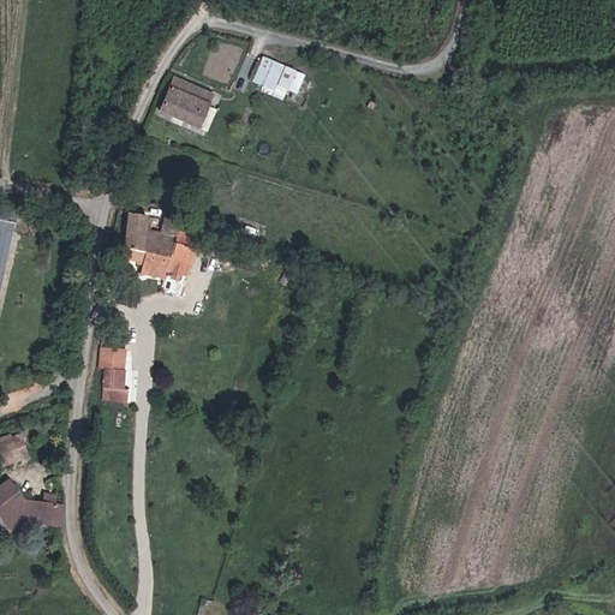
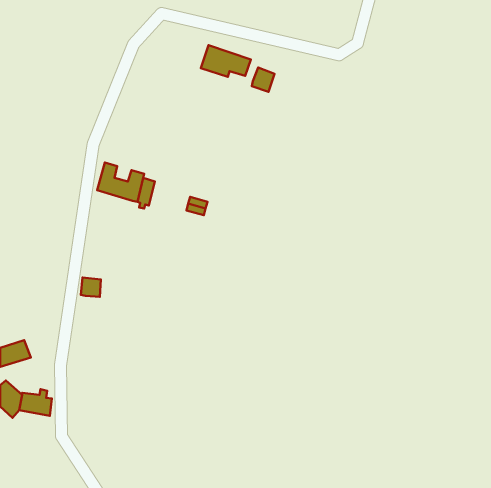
building: [166,82,205,127] -> none
building: none -> [252,68,274,92]
building: [118,241,166,276] -> none
building: [103,374,126,408] -> none

